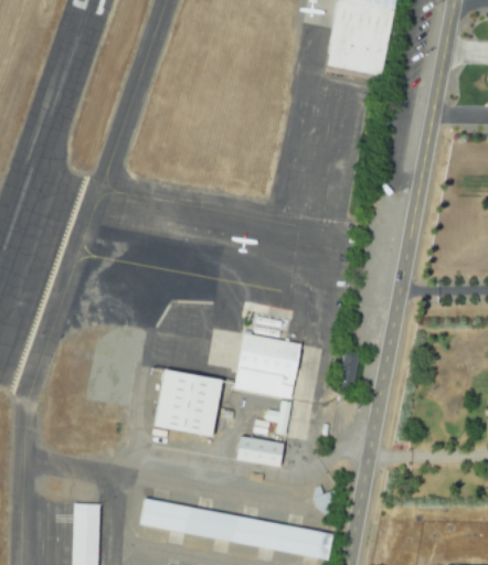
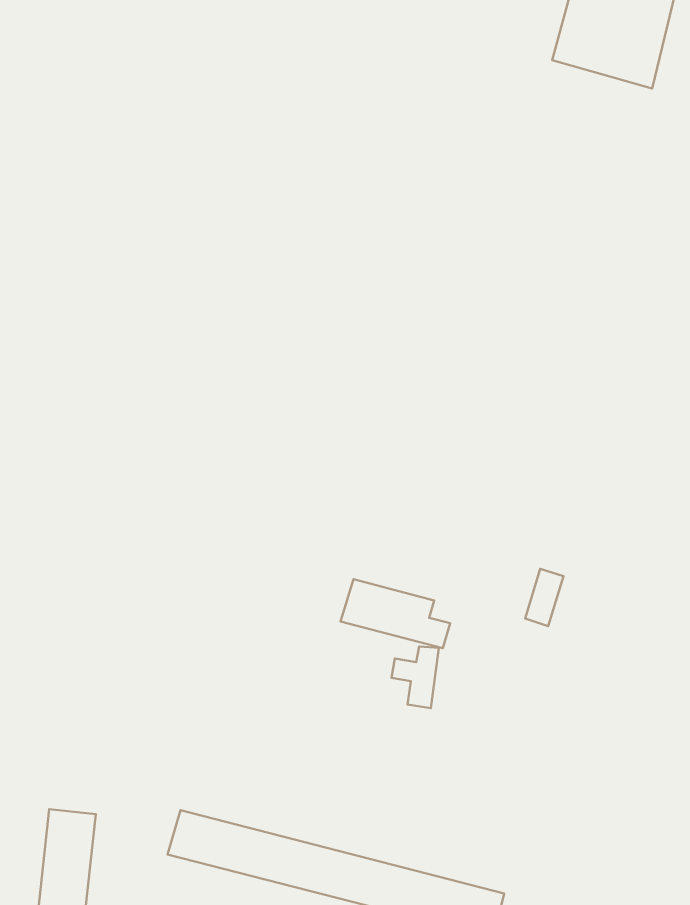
building: [242,332,301,385] -> none
building: [150,367,222,435] -> none
building: [231,434,283,467] -> none

